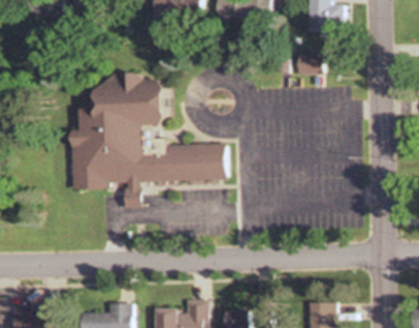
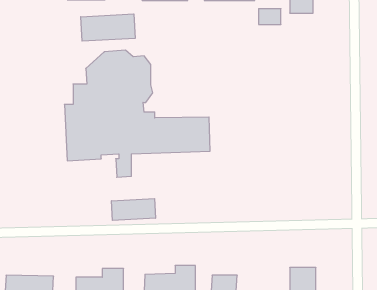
building: none -> [81,14,135,41]
building: [298,56,322,72] -> [259,9,281,24]
building: none -> [112,199,155,220]

